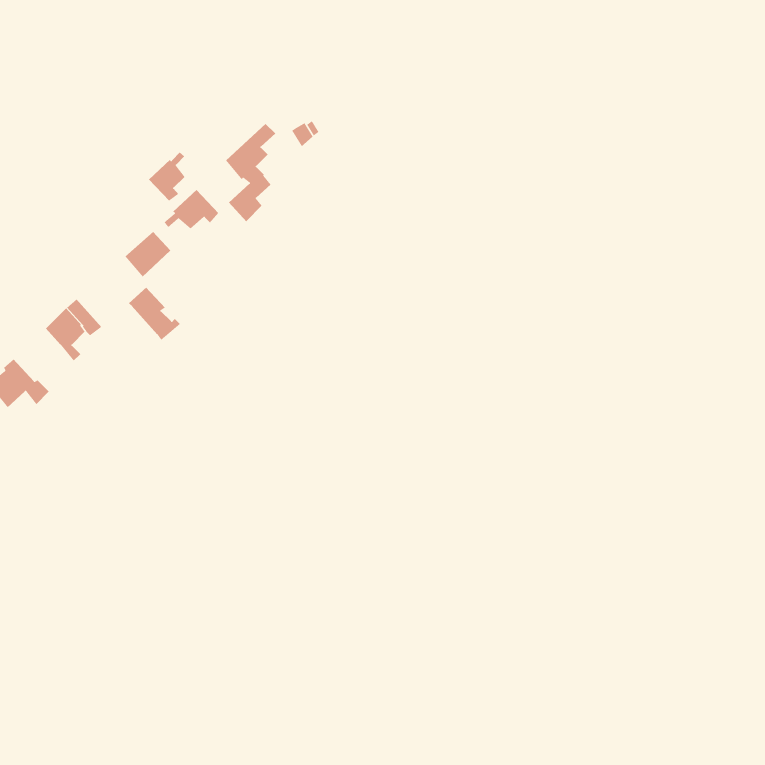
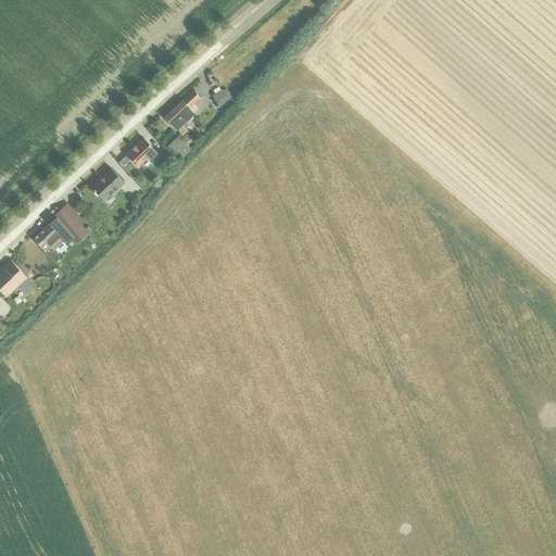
building: [148,152,185,202] -> none
building: [128,287,181,341] -> [53,202,91,241]

